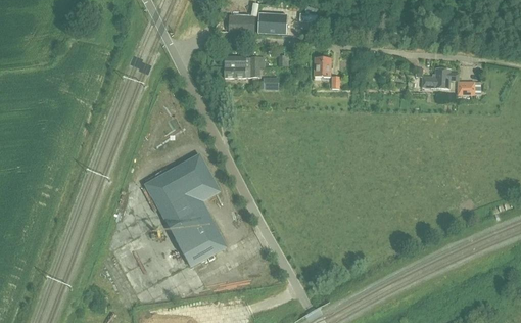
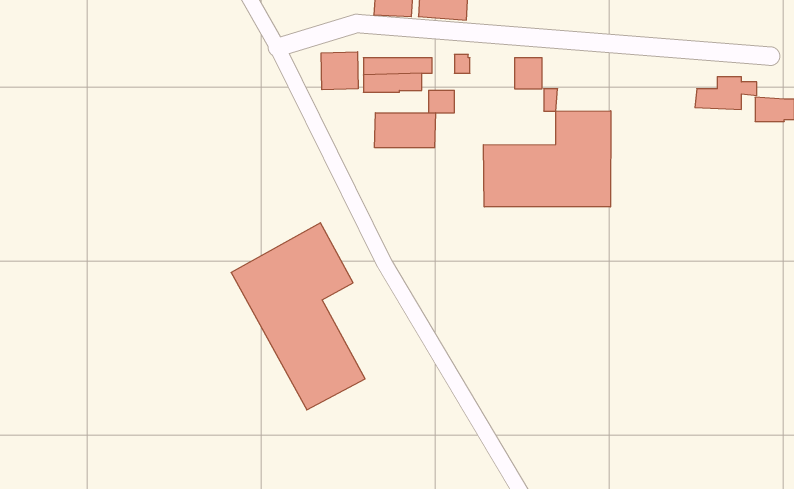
building: none -> [321,52,358,90]
building: none -> [483,111,611,207]
building: none -> [375,113,435,148]

